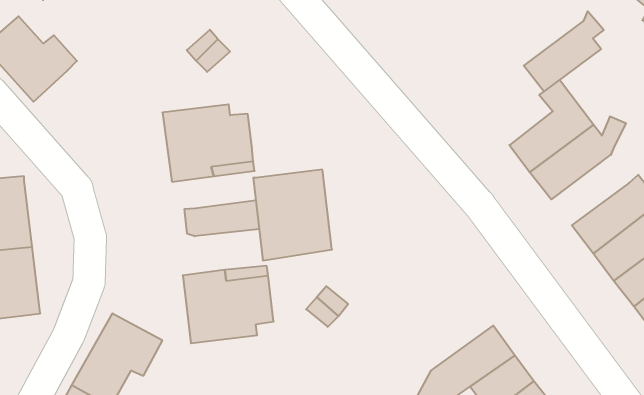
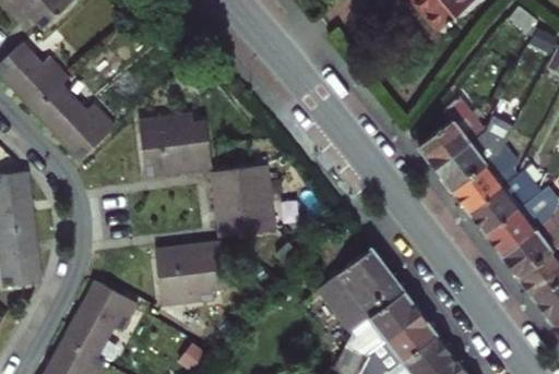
building: [524,11,604,91] -> [451,146,515,210]
building: none -> [34,86,114,160]
building: [185,200,259,236] -> none
building: none -> [322,248,404,327]

